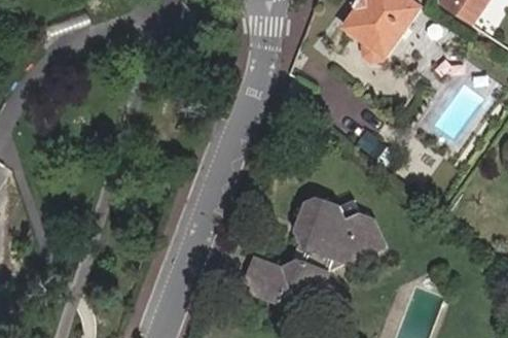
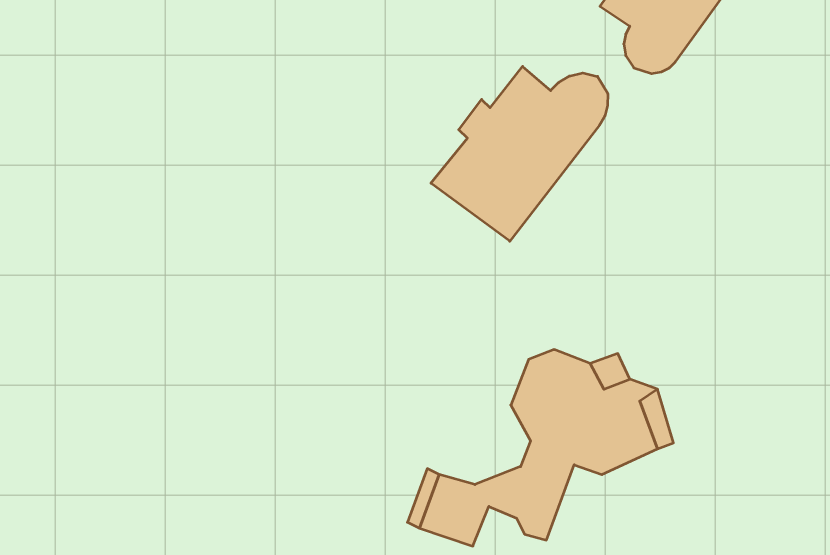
building: none -> [431,66,608,241]

